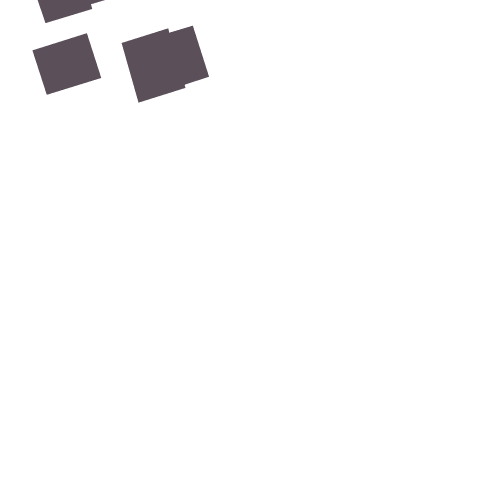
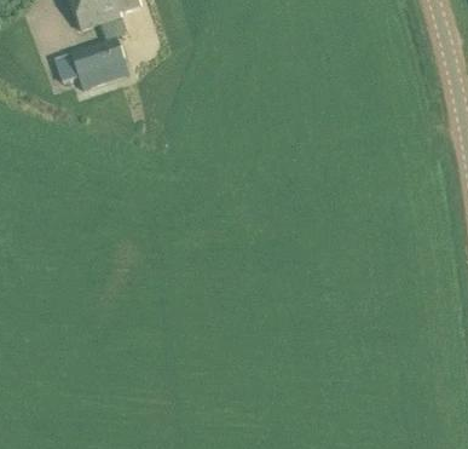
building: [121,25,210,103] -> none

